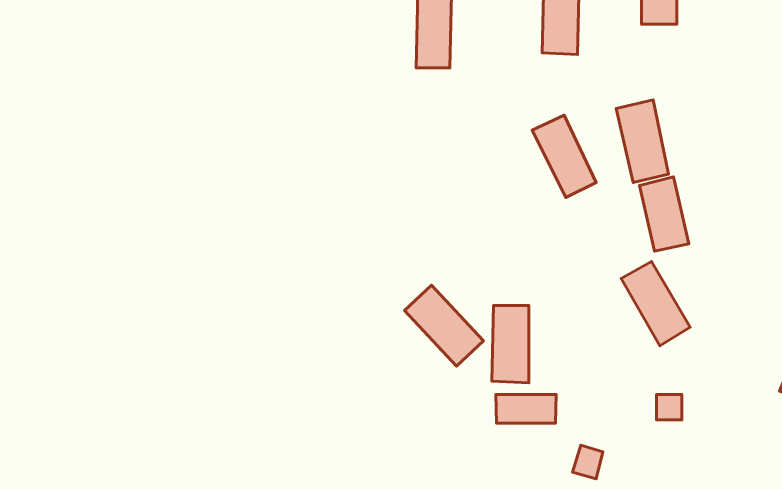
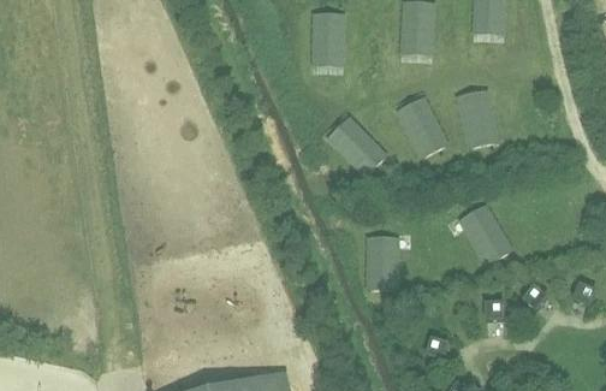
building: [640,177,689,251] -> none
building: [404,285,484,366] -> [331,117,387,174]
building: [496,395,556,423] -> none

